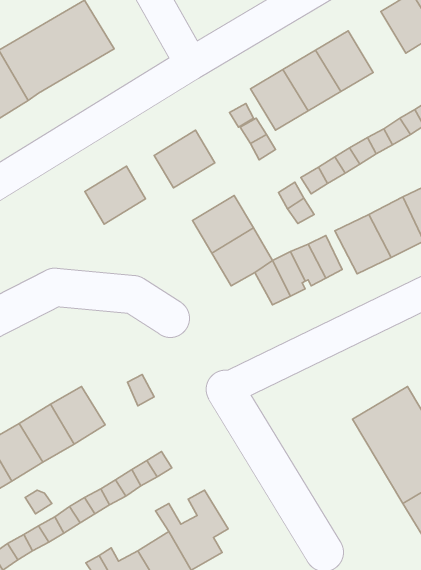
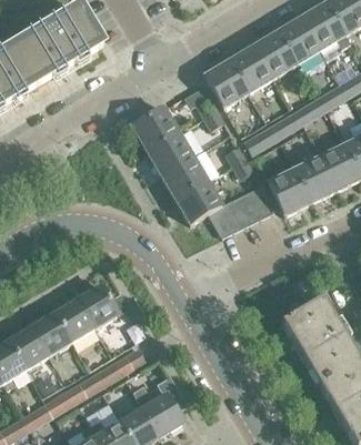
building: none -> [278,17,321,62]
building: [85,166,146,224] -> [147,130,192,173]
building: none -> [78,283,118,326]

